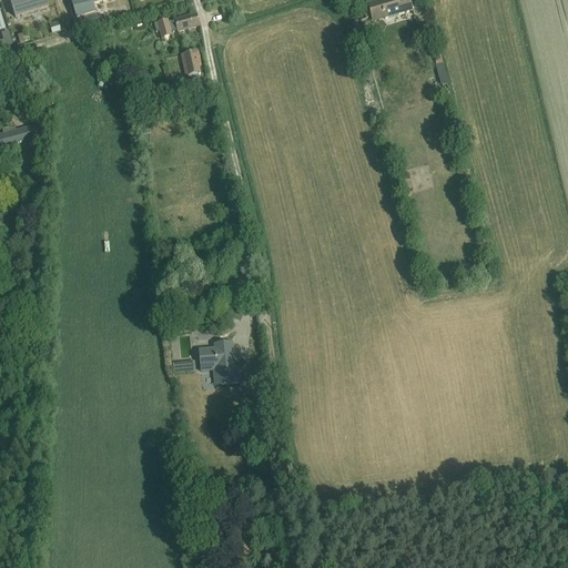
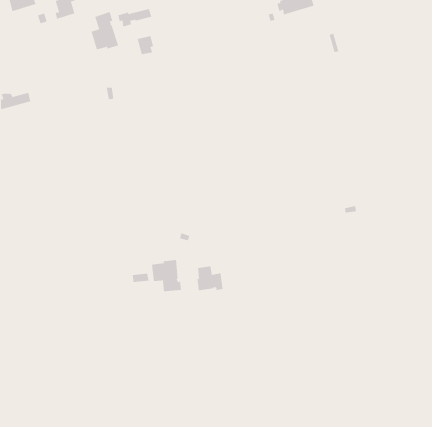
building: none -> [91,11,119,50]
building: none -> [197,266,223,291]

